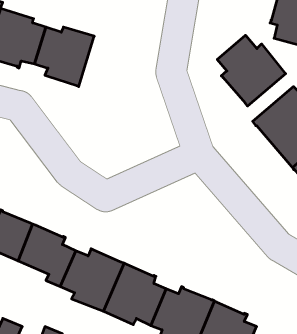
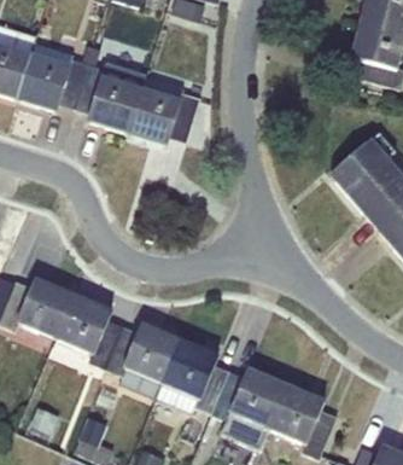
building: [217,35,286,106] -> none
building: none -> [127,74,199,145]

